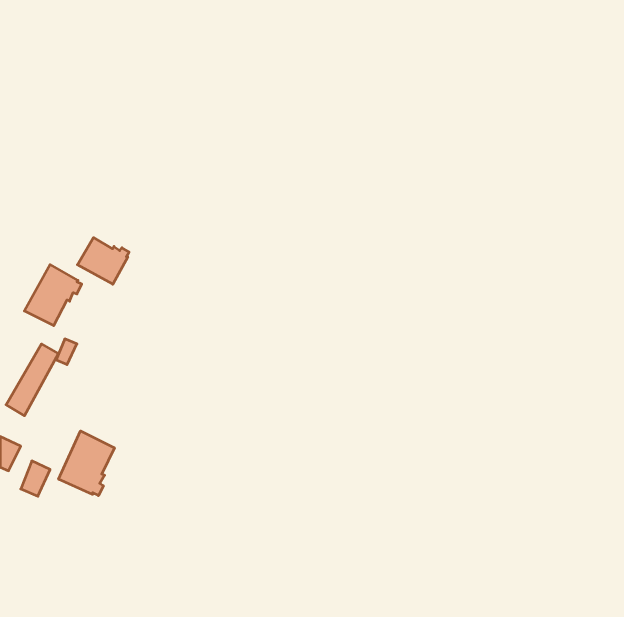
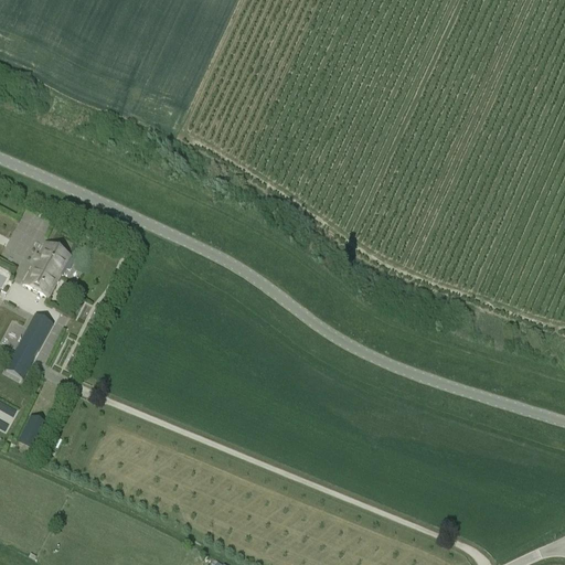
building: [77,238,129,284] -> none
building: [59,431,114,496] -> none

